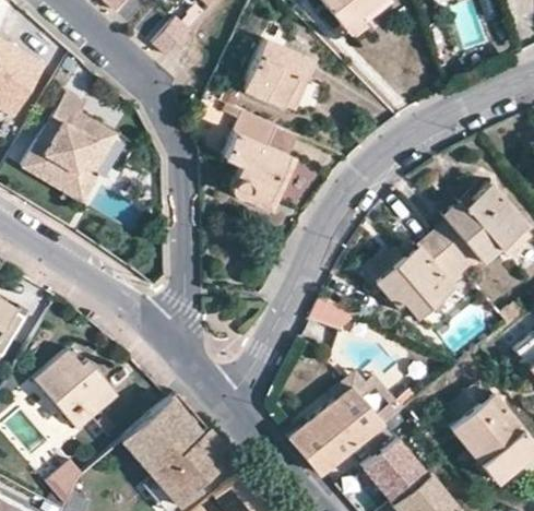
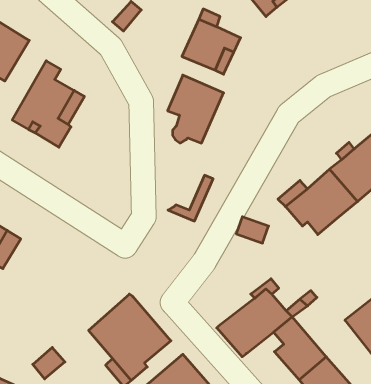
building: [239,153,297,212] -> [168,175,213,221]
building: [33,348,117,429] -> none

